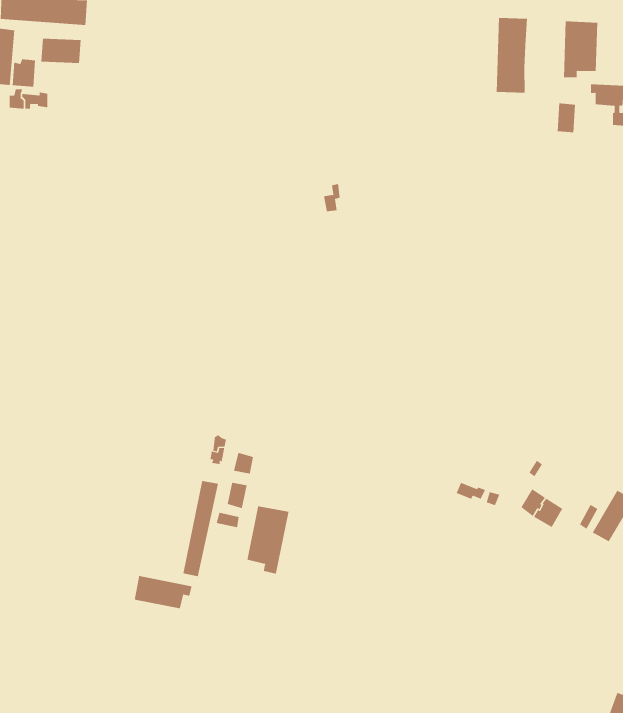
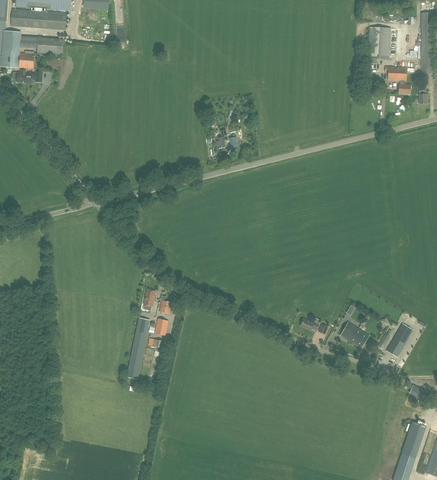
building: [496,17,527,93] -> none
building: [247,505,289,575] -> none
building: [134,575,192,609] -> none

